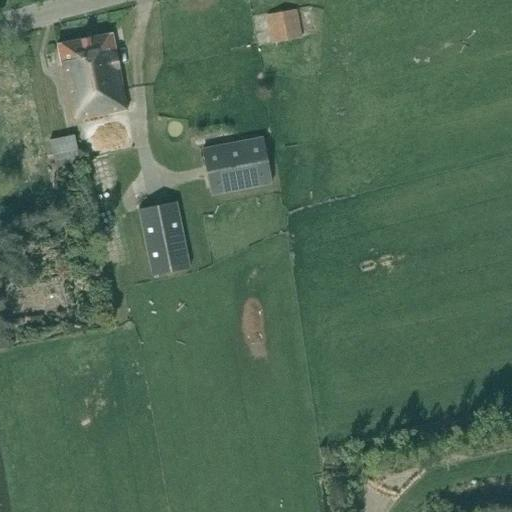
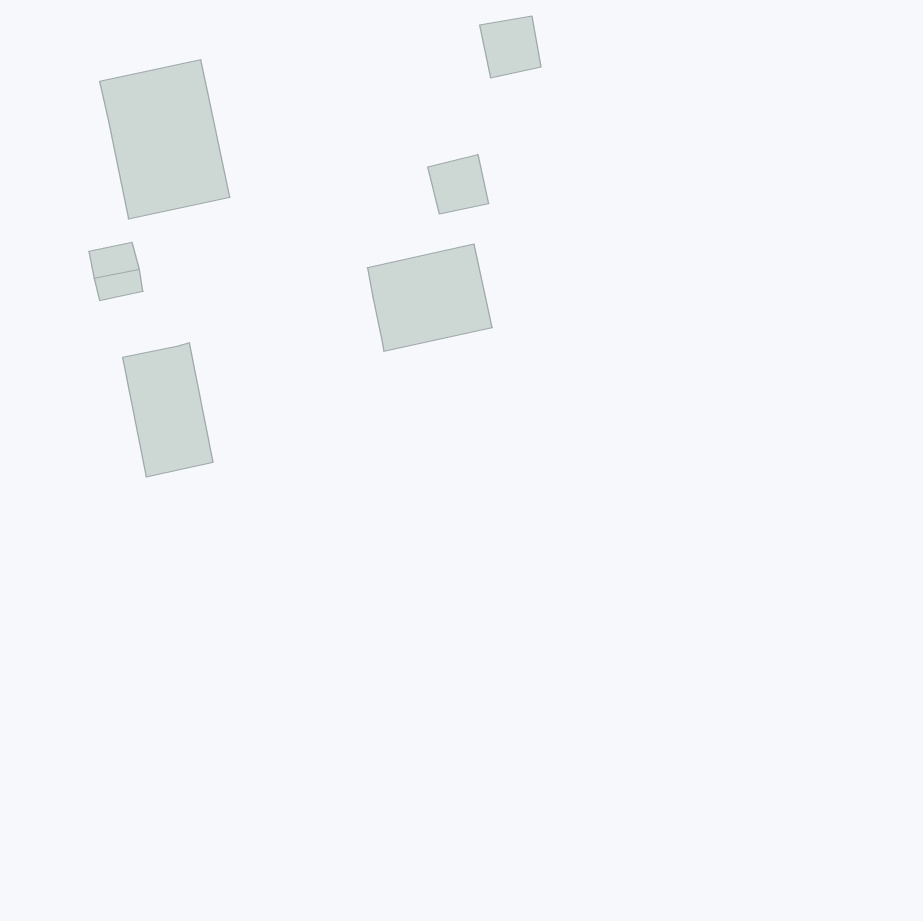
building: none -> [428,154,489,214]
building: [140,201,190,275] -> [123,343,213,477]

